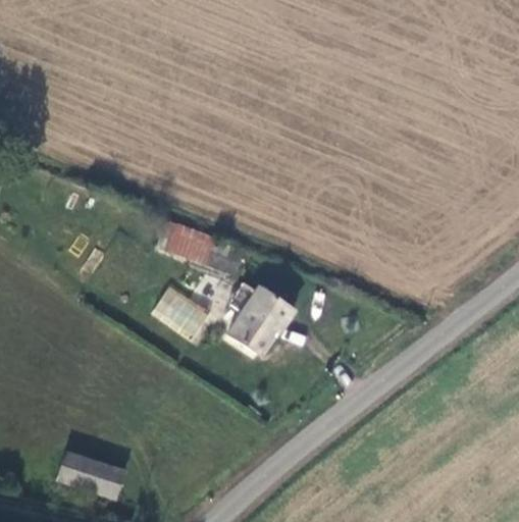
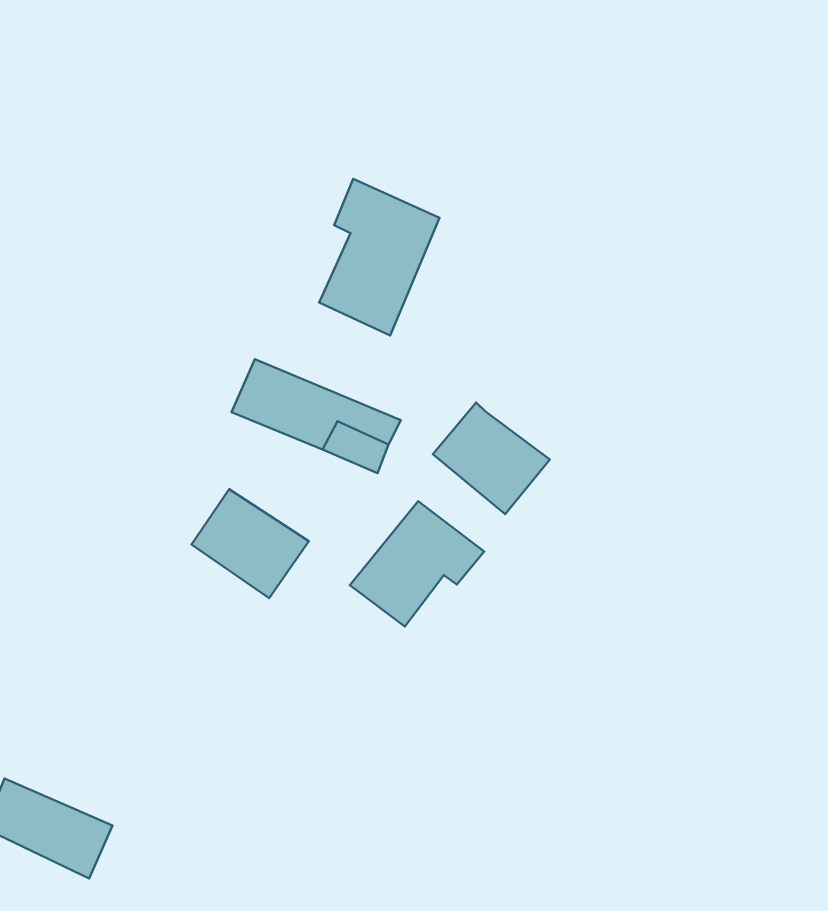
building: none -> [319,179,439,335]
building: none -> [433,402,550,514]

